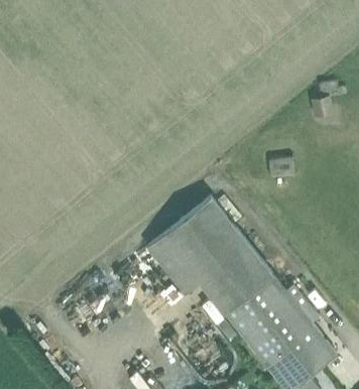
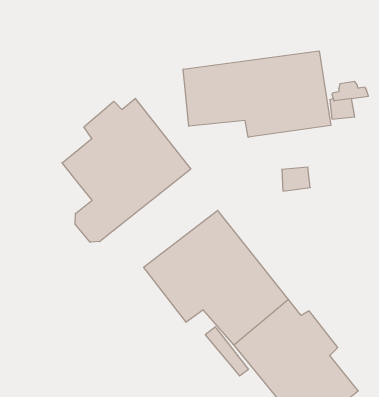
building: none -> [183,51,331,137]
building: none -> [62,98,191,242]

